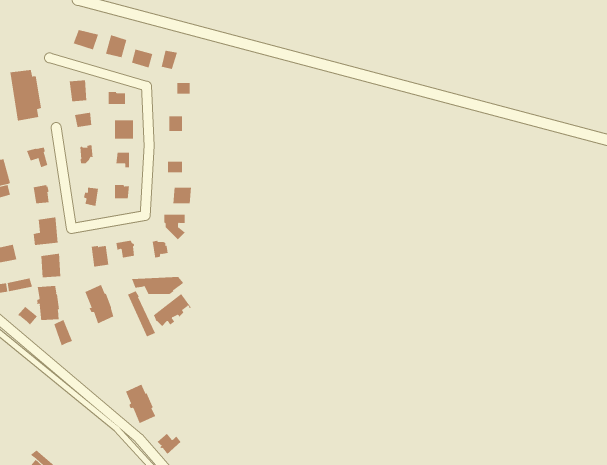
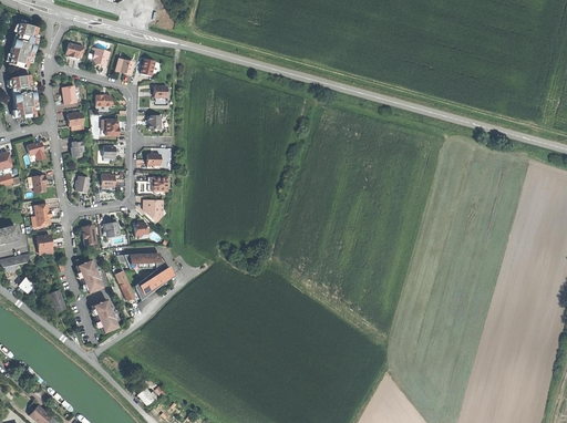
building: none -> [8,23,39,69]
building: [37,285,59,321] -> none
building: [125,384,156,424] -> [91,299,117,333]

